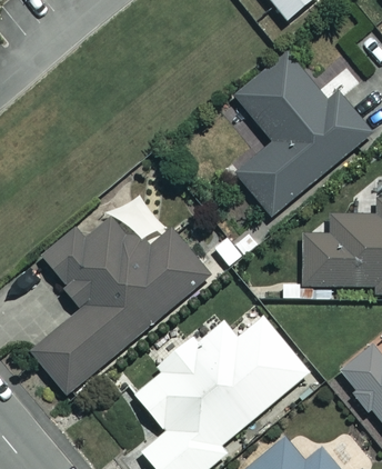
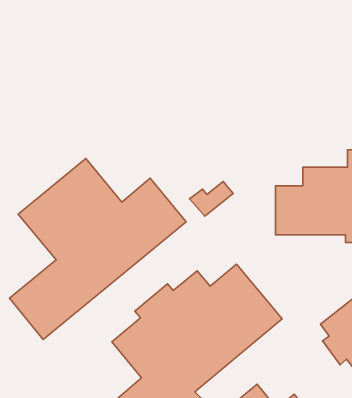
building: [234,53,373,216] -> none

